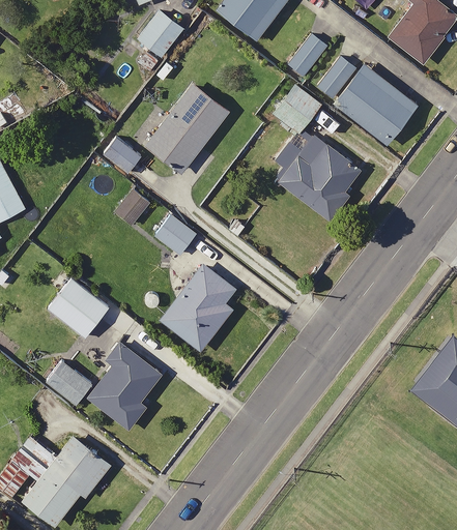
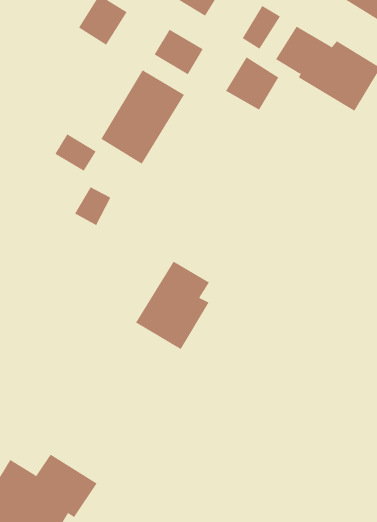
building: none -> [154,29,203,75]
building: [270,129,361,217] -> none
building: [154,213,197,255] -> none
building: [47,277,108,337] -> none
building: [48,342,161,429] -> none

